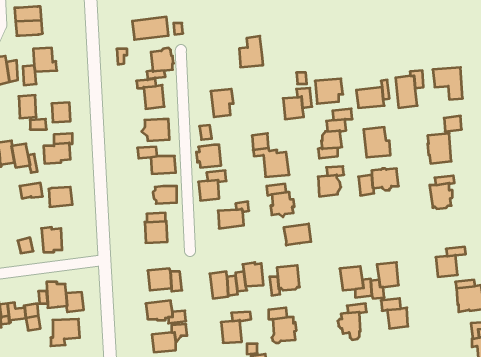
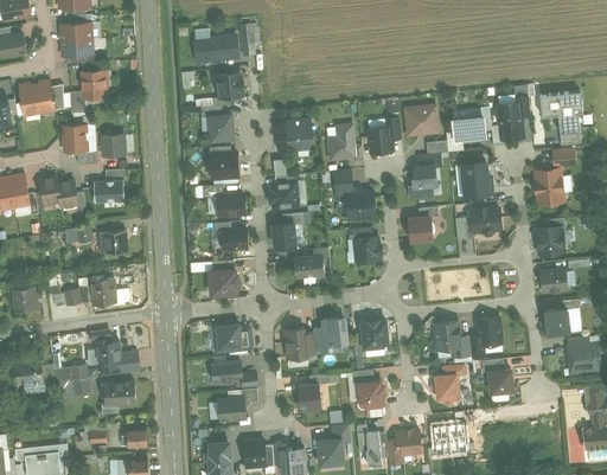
building: [239,36,263,67] -> [327,124,354,160]
building: none -> [539,269,567,293]
building: [284,224,311,245] -> none

